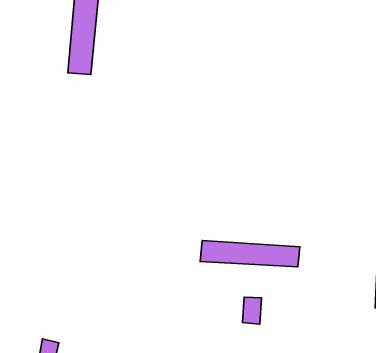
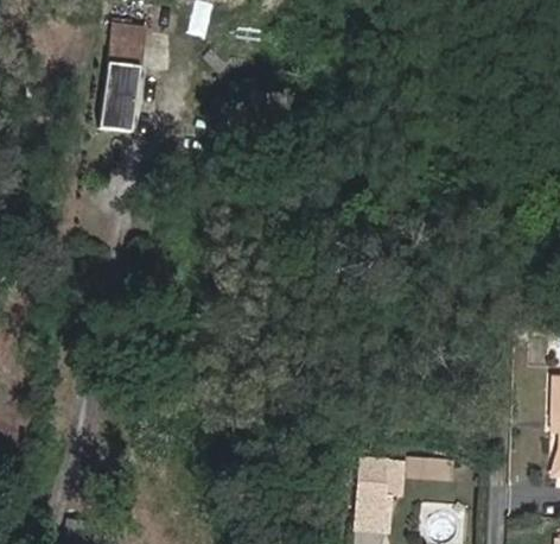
building: [200,241,300,267] -> none

